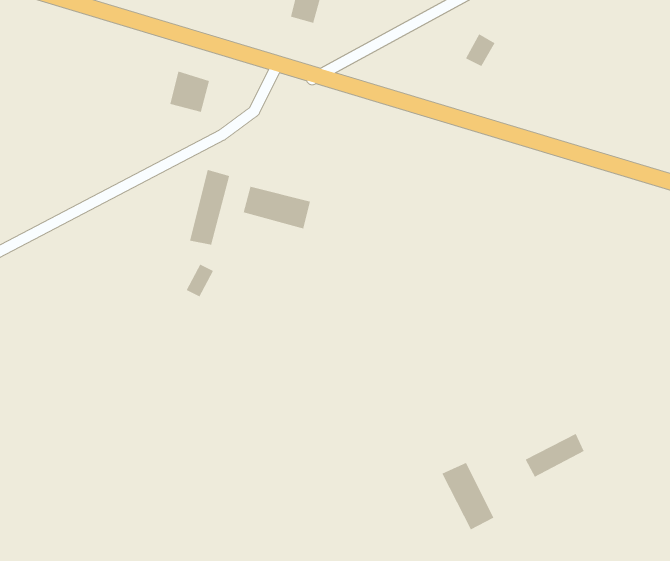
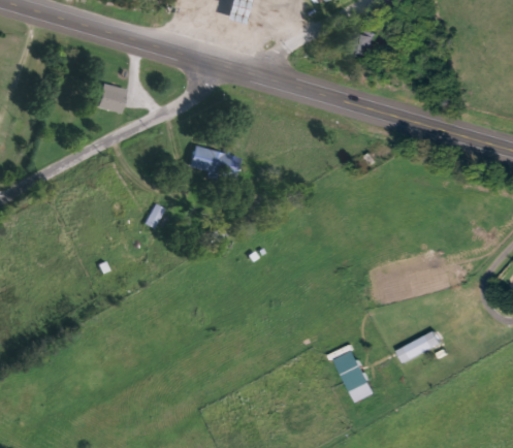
building: [170,71,210,113] -> [95,83,125,114]
building: [189,169,230,246] -> none

